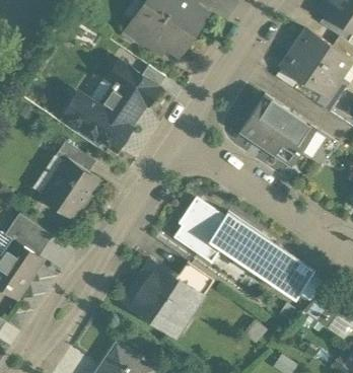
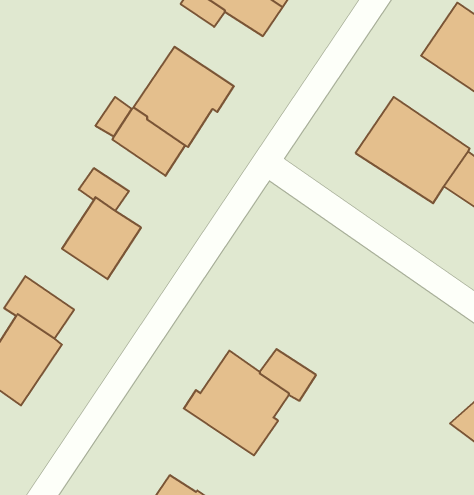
building: [172,201,311,298] -> none

